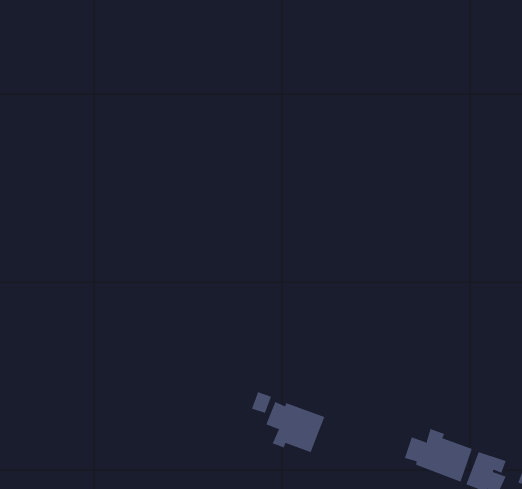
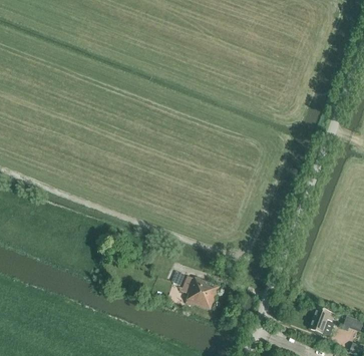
building: [404,428,473,482] -> none

